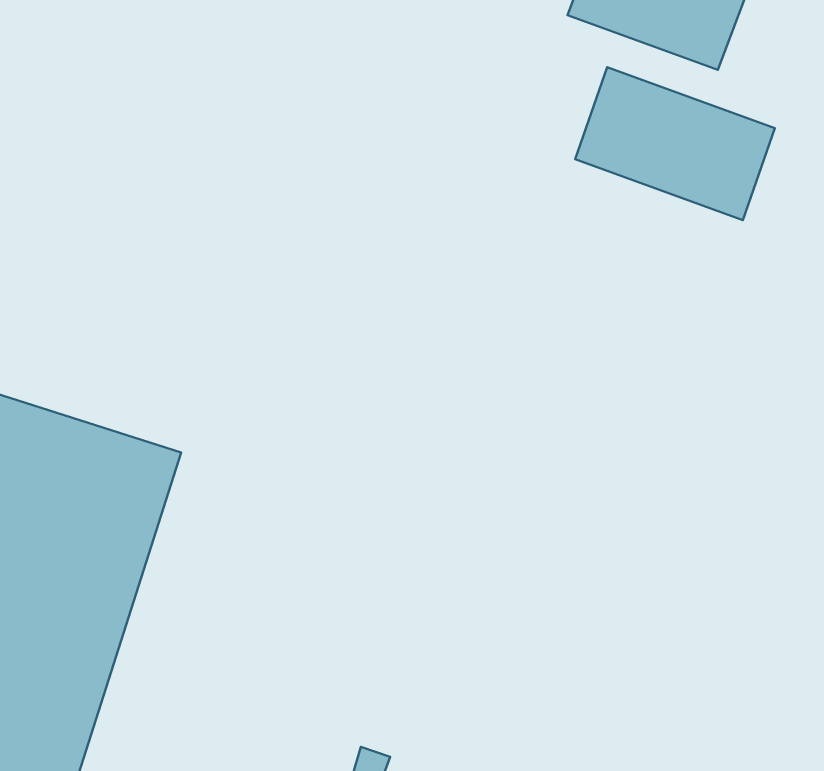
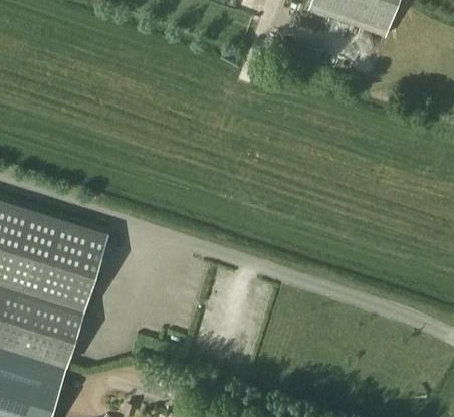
building: [575,67,775,220] -> none

